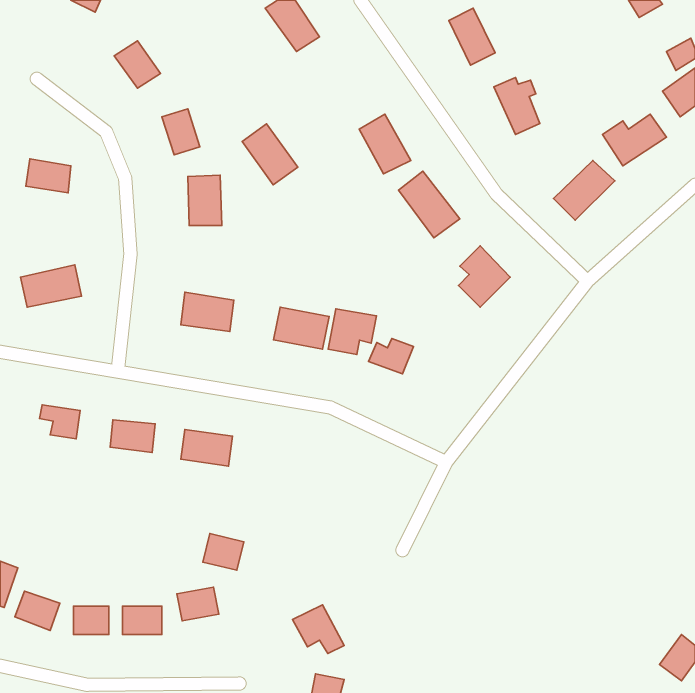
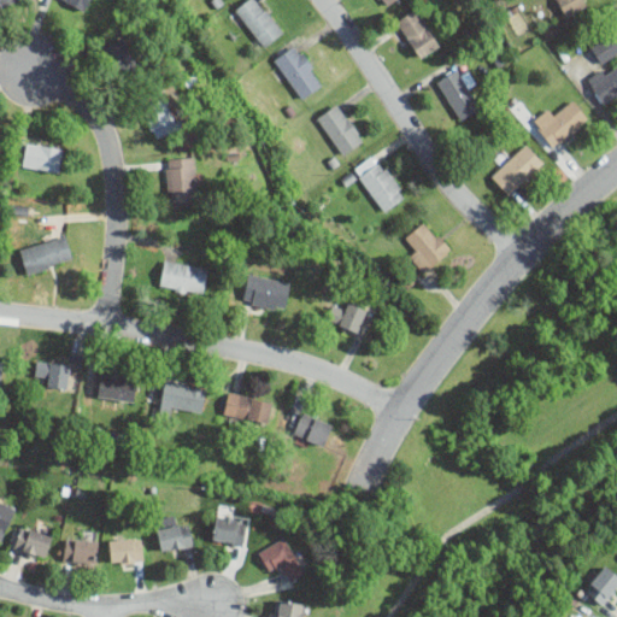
building: [242,124,298,185] -> [274,45,323,99]
building: [328,309,376,355] -> none
building: none -> [223,390,274,424]
building: none -> [293,411,334,447]
building: [203,534,244,570] -> [211,513,247,546]

